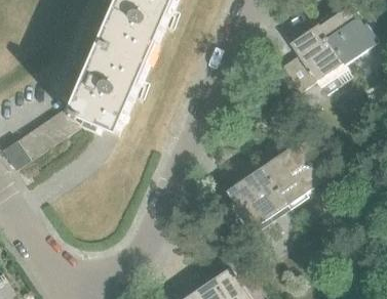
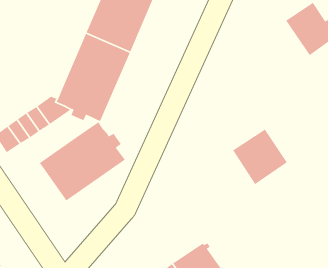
building: [281,24,346,94] -> none
building: none -> [39,121,126,202]
building: [225,167,285,229] -> none

